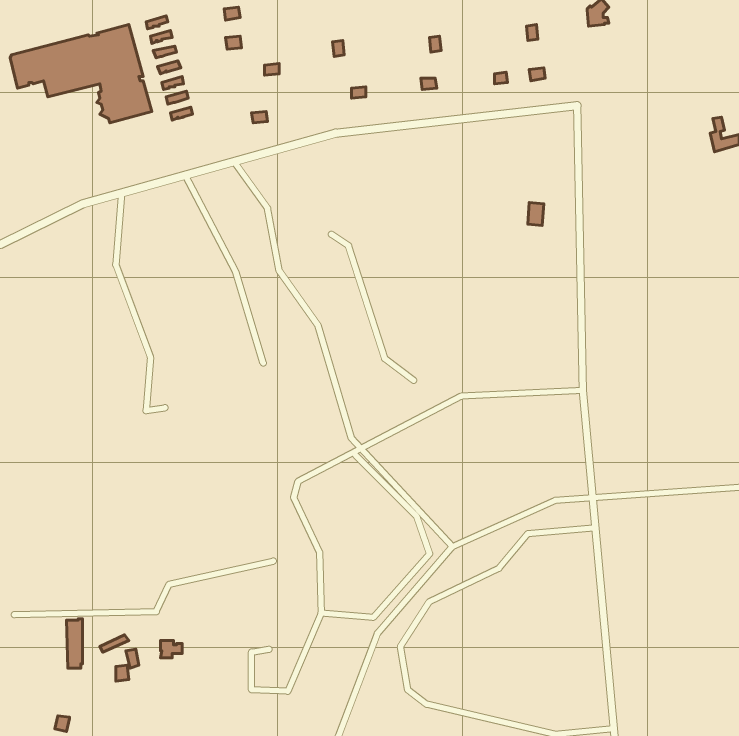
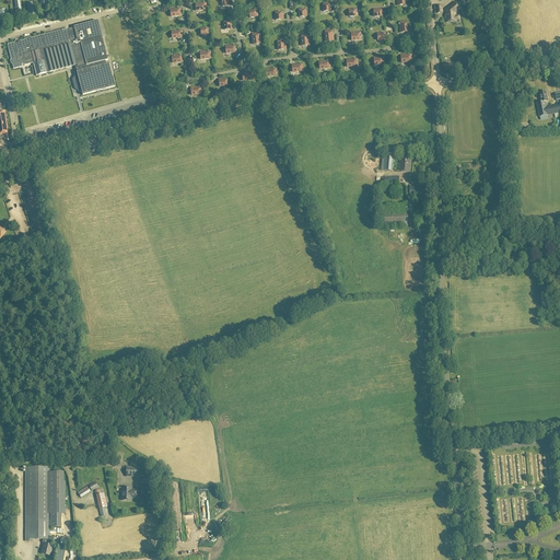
building: none -> [23,466,60,538]

